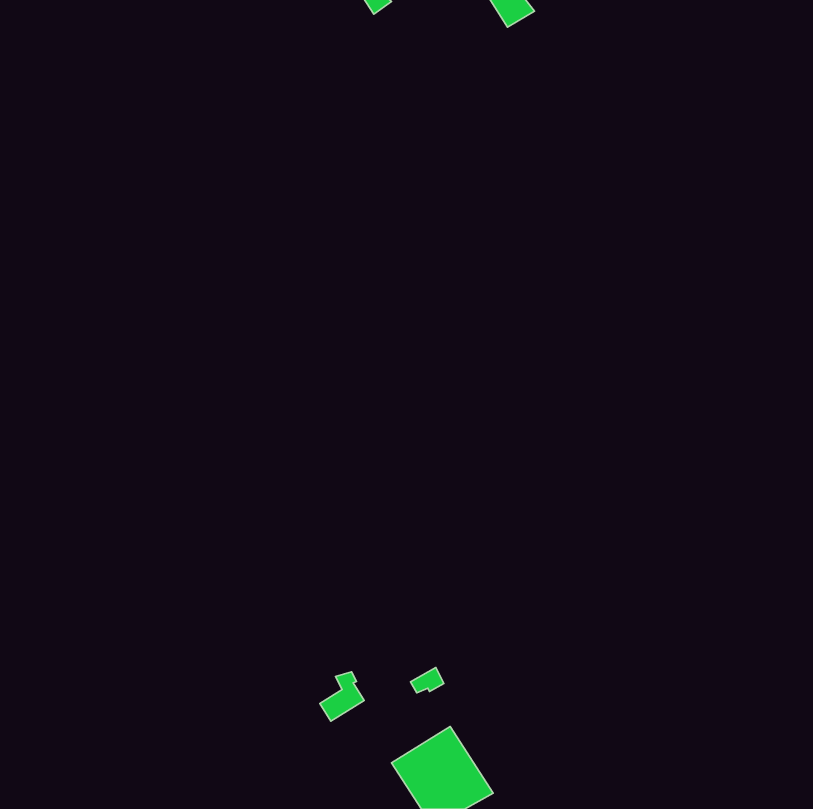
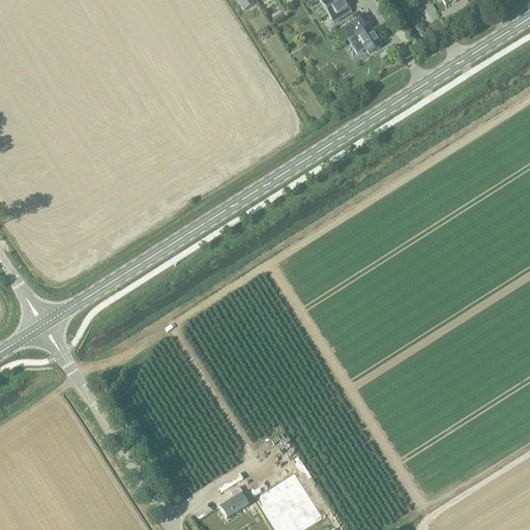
building: none -> [350,13,380,54]
building: [320,672,364,721] -> [218,487,247,519]

